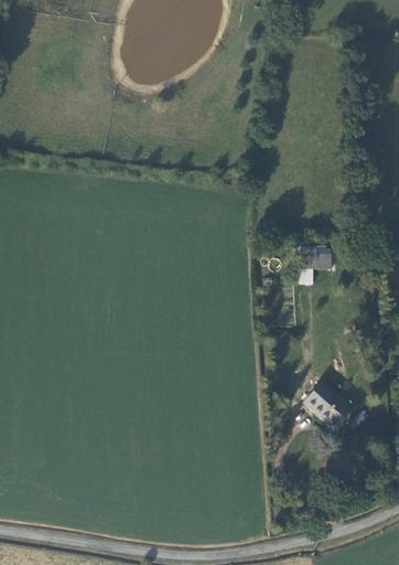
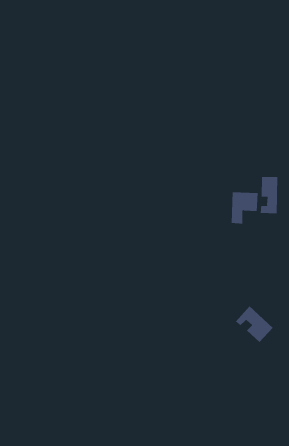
building: none -> [260,176,278,214]

